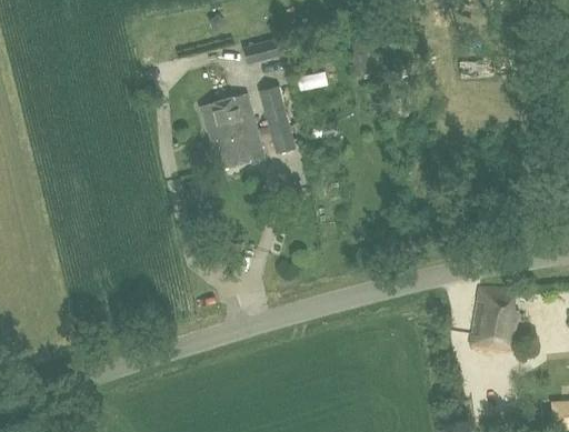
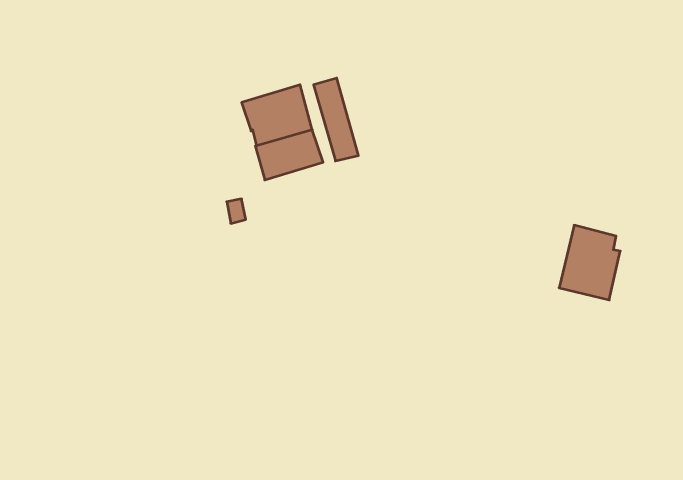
building: [243,37,282,63] -> none
building: [468,287,518,348] -> [559,225,620,300]

